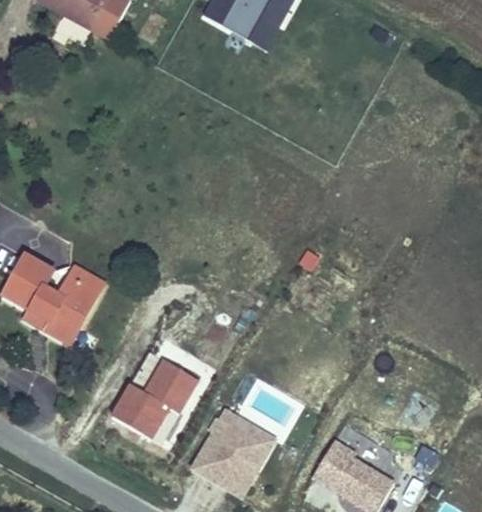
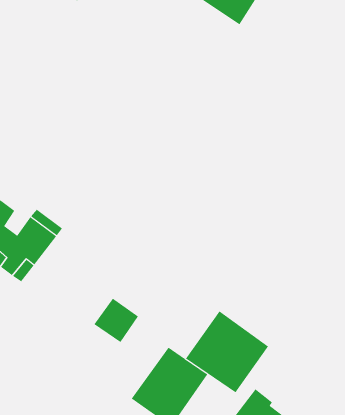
building: none -> [185,311,269,393]
building: [112,377,183,444] -> none

